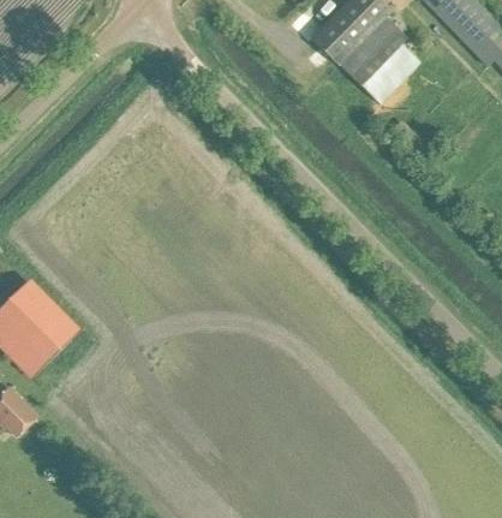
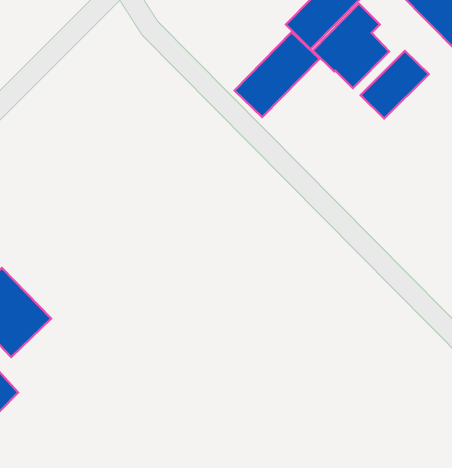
building: none -> [235,32,319,117]
building: none -> [360,51,429,119]

